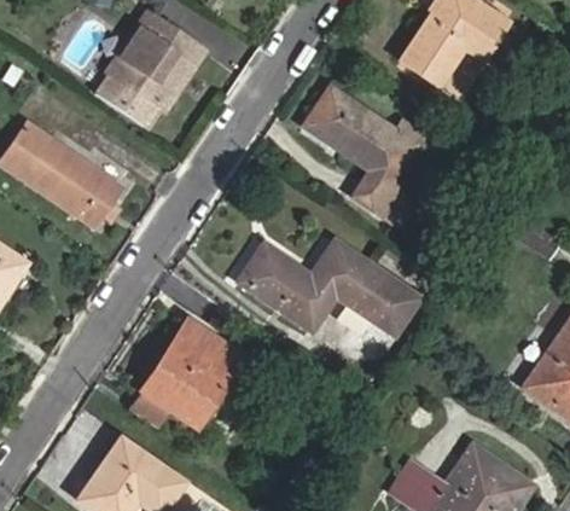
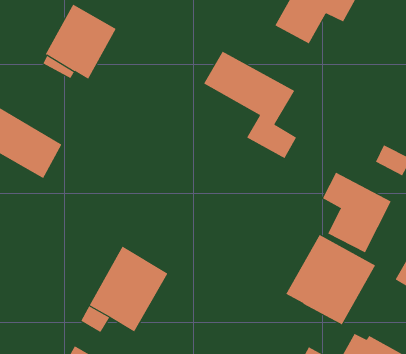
building: [238,240,418,335] -> none
building: none -> [322,172,391,253]
building: none -> [286,234,376,325]

